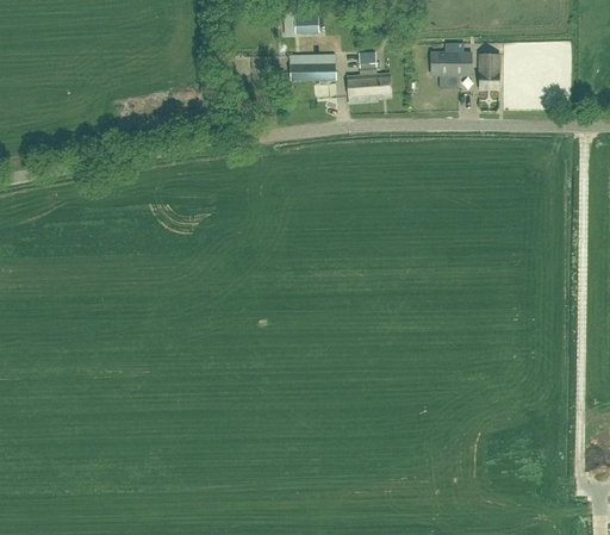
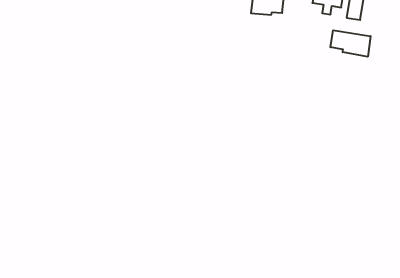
building: none -> [330,30,371,57]

